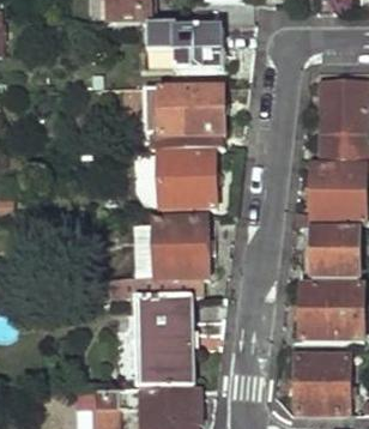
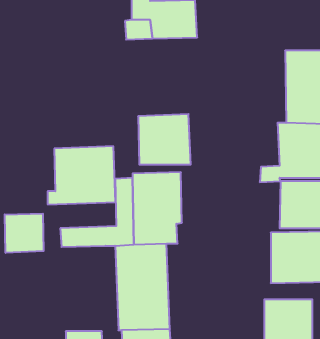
building: [151,83,225,146] -> [48,146,116,204]
building: none -> [5,214,44,253]

